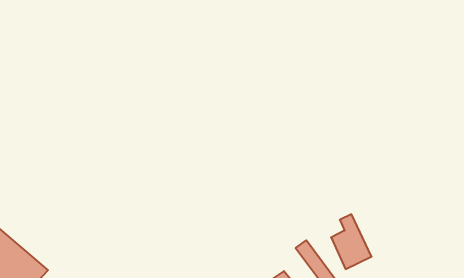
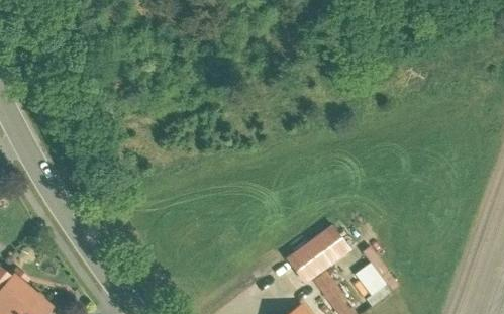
building: none -> [279,225,345,284]

